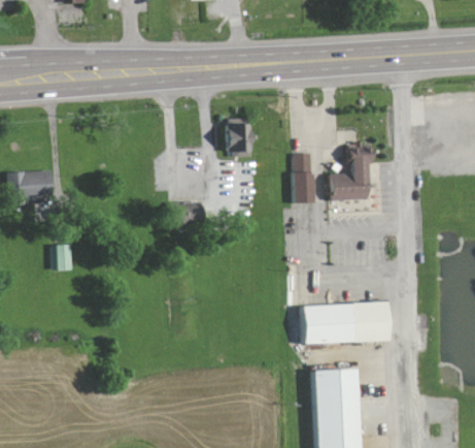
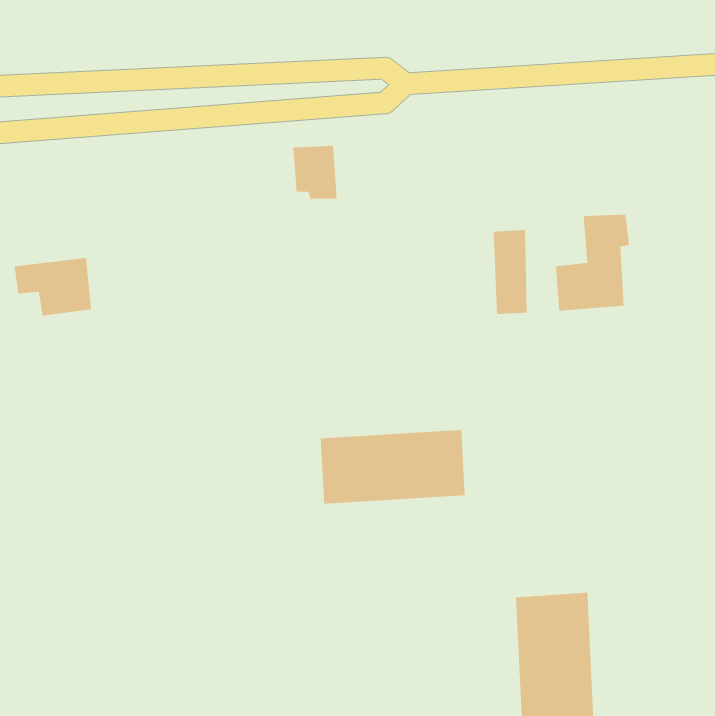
building: [230,123,257,155] -> [292,145,337,199]
building: [54,244,73,268] -> none
building: [300,300,386,345] -> [320,430,466,504]

